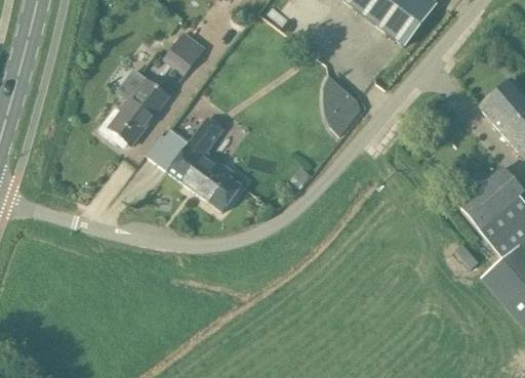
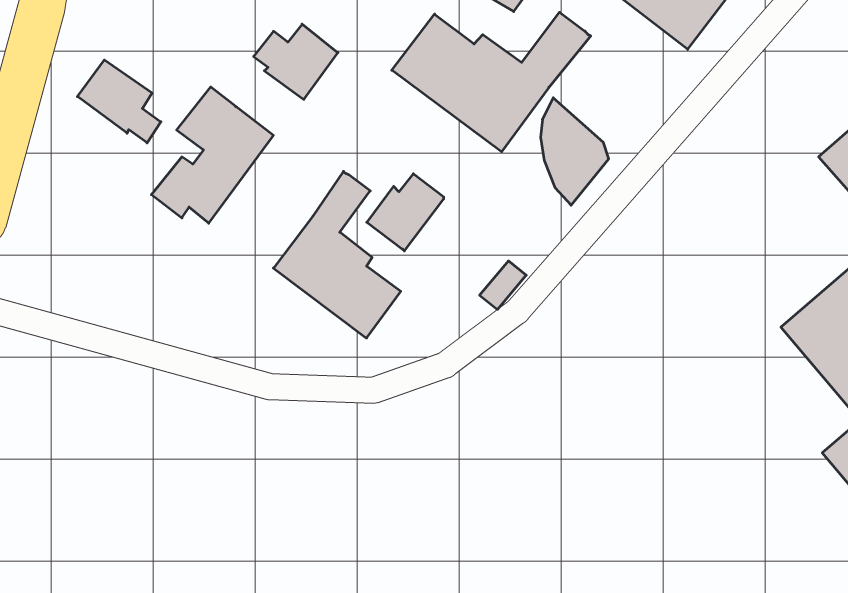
building: none -> [392,12,591,152]
building: none -> [77,60,161,143]
building: [147,127,191,171] -> [367,174,444,251]

